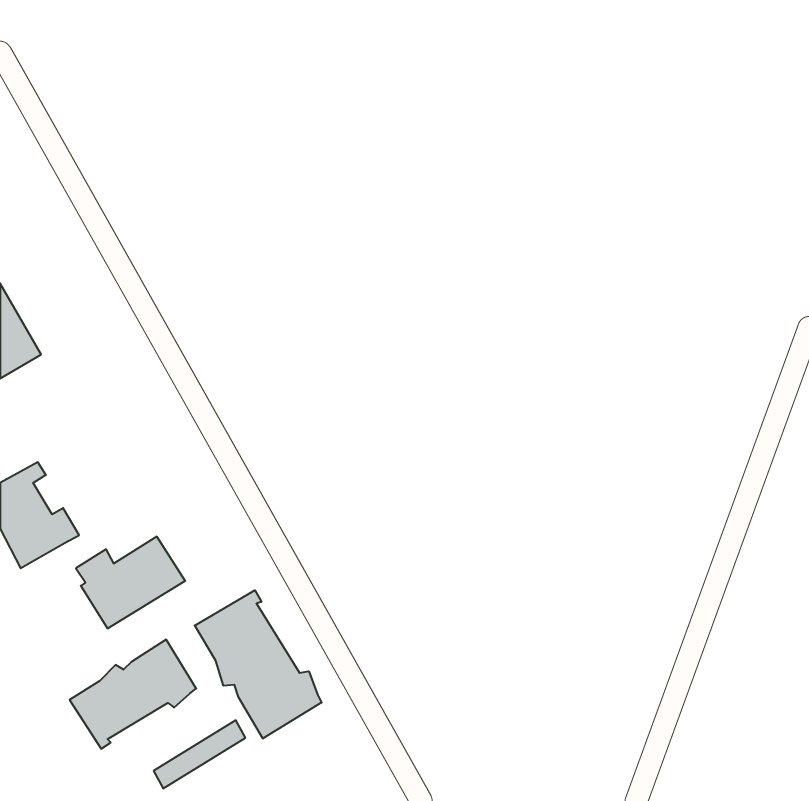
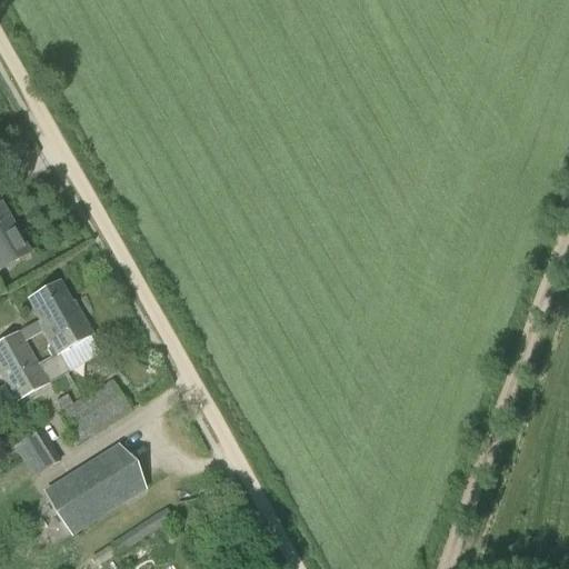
building: none -> [27,279,99,376]
building: [195,590,322,739] -> none
building: none -> [11,427,59,476]

